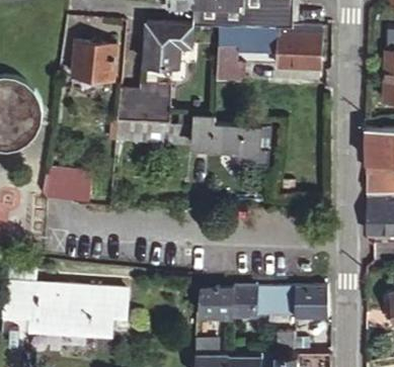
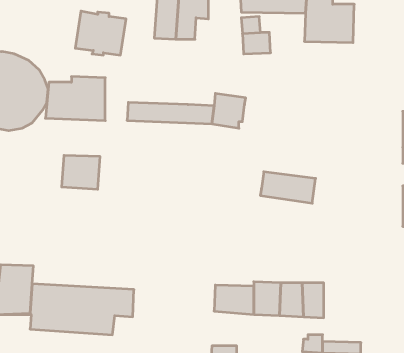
building: [119,86,172,125] -> [45,77,105,121]
building: [220,125,269,154] -> [260,172,316,203]
building: [294,285,326,317] -> none

